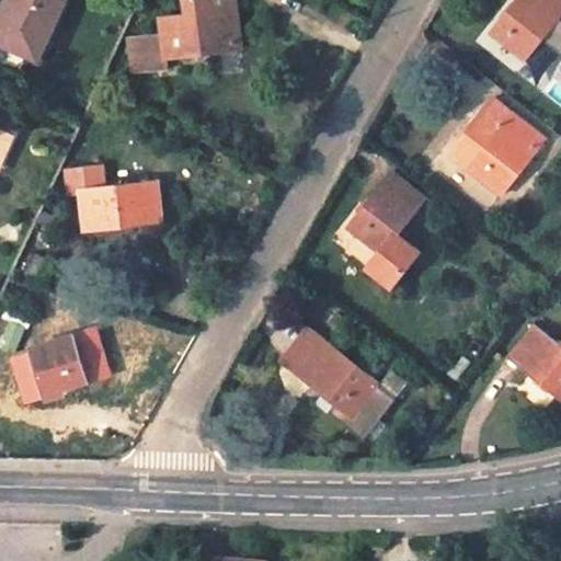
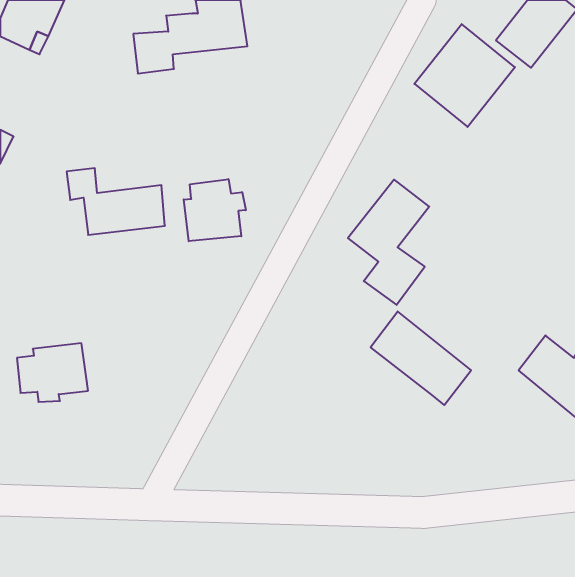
building: [449,95,547,195] -> [414,24,515,127]
building: none -> [184,179,246,241]
building: [289,339,387,430] -> [371,311,471,405]

